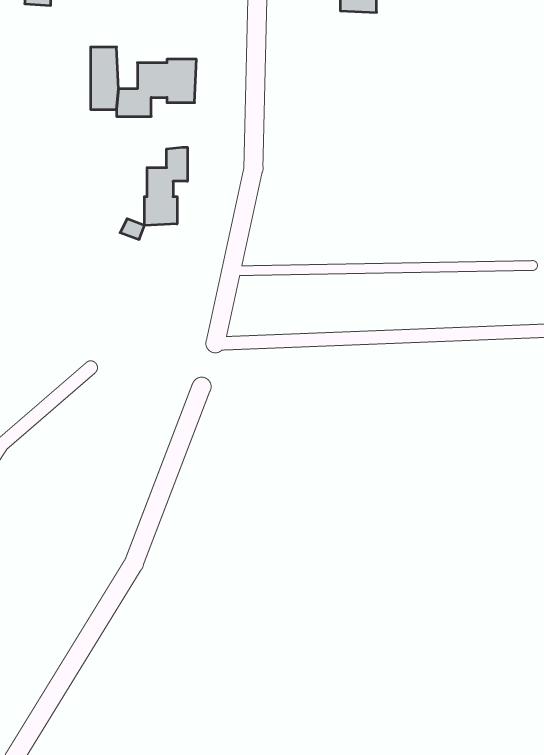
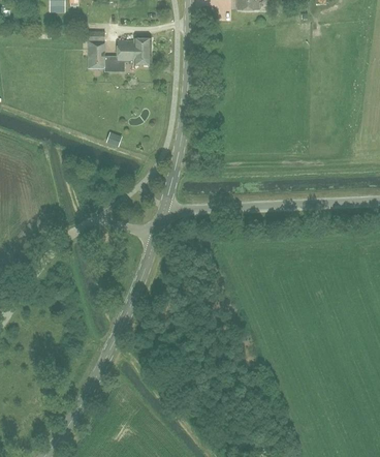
building: [144,147,187,226] -> none

